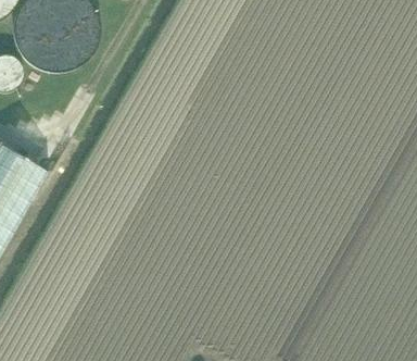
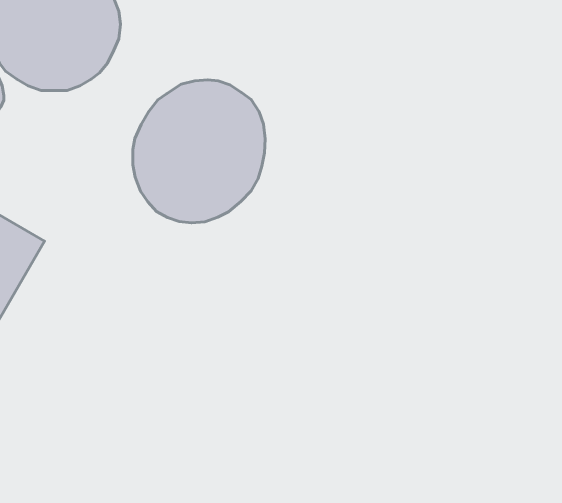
building: none -> [133,80,265,223]

